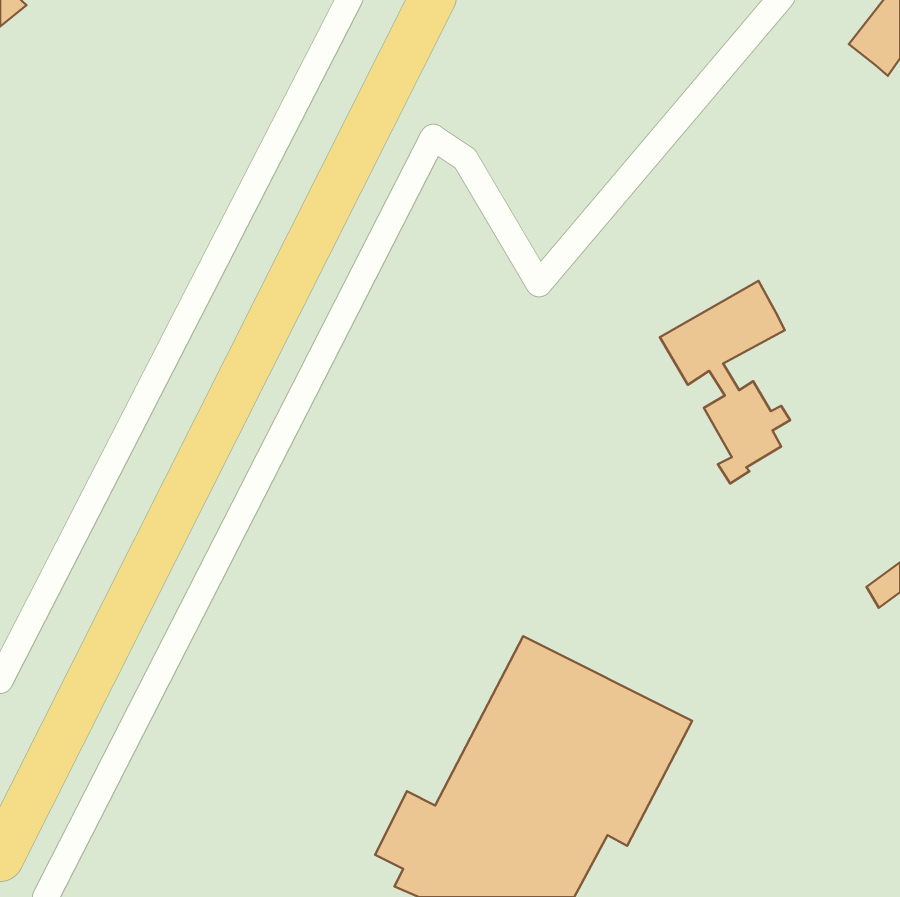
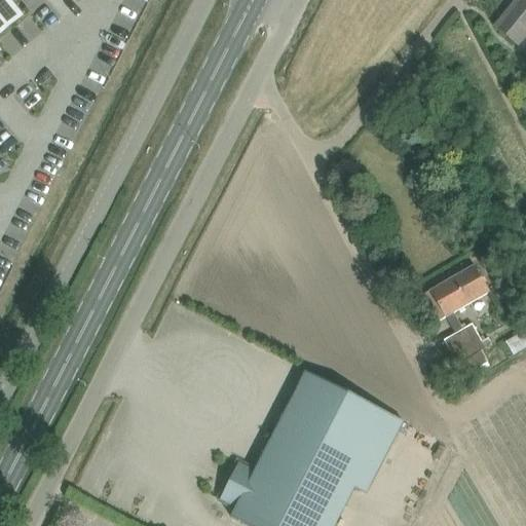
building: [660,281,790,483] -> [416,264,492,382]

